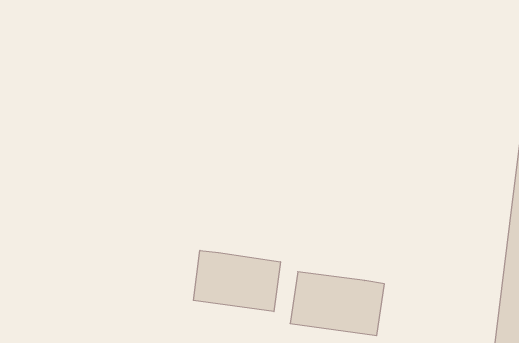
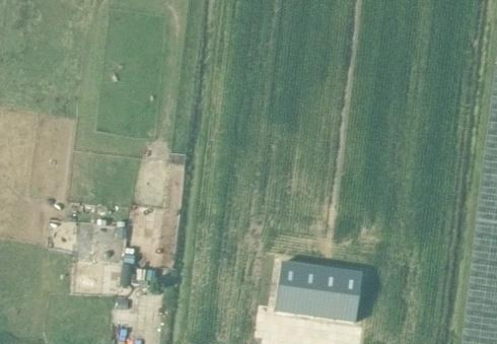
building: [193,250,280,312] -> none

